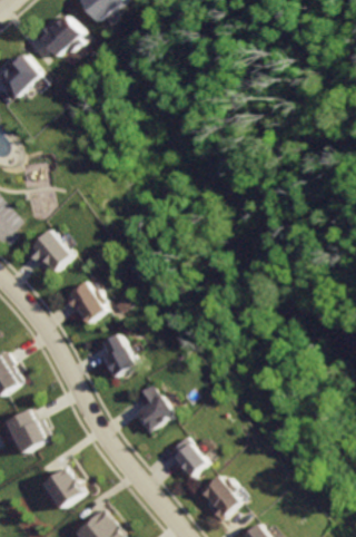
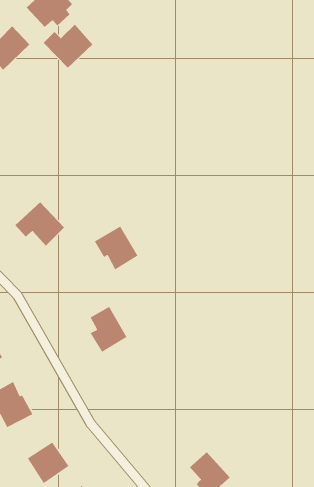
building: none -> [43,24,93,68]
building: [67,281,111,325] -> [94,226,138,270]
building: [135,383,178,435] -> none
building: [164,433,211,480] -> none

